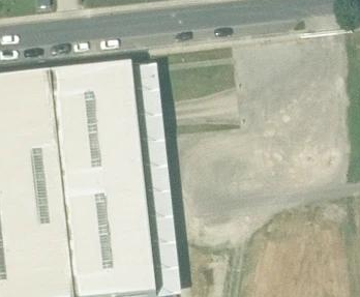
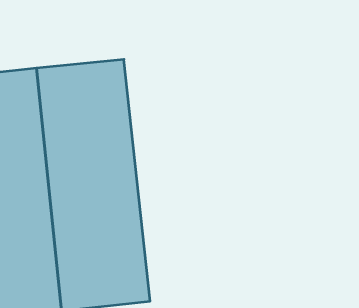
building: [131,58,179,290] -> none

